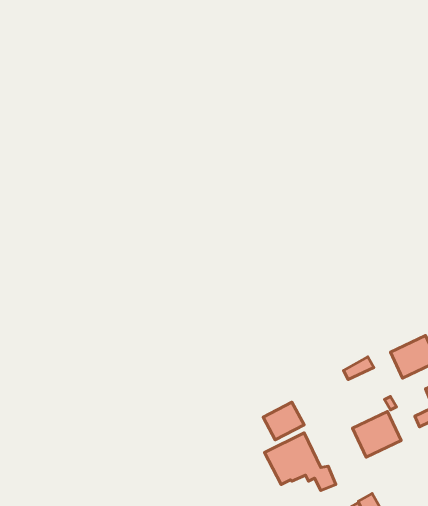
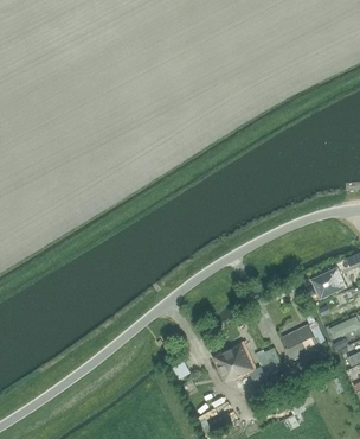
building: [263,402,304,440] -> none

